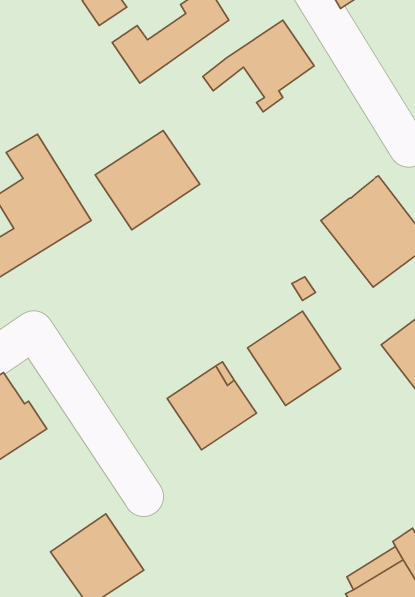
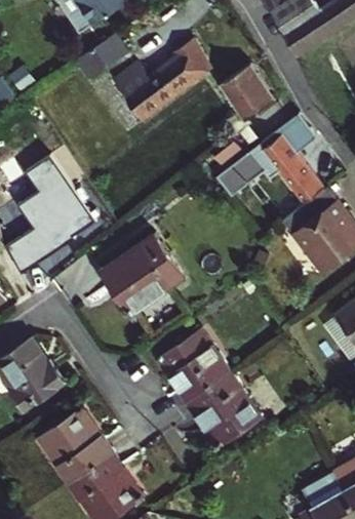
building: none -> [215,113,320,203]
building: [95,130,200,230] -> [104,235,186,313]
building: [248,311,341,405] -> [186,371,259,445]
building: none -> [40,411,111,480]

